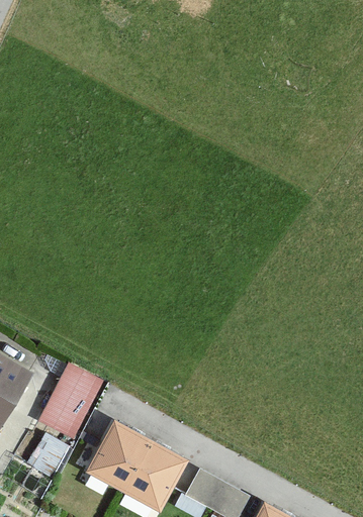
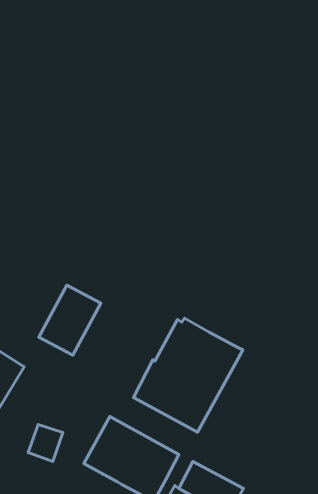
building: none -> [133,318,243,432]
building: [36,365,99,435] -> [39,285,101,355]

